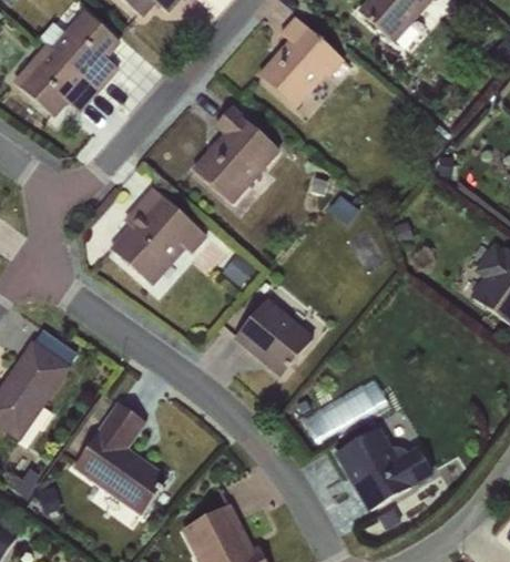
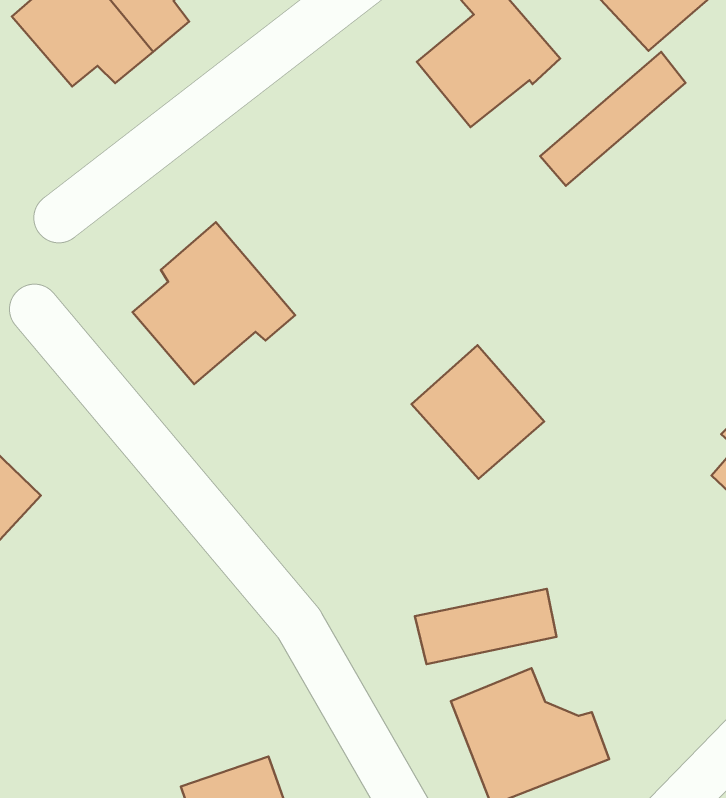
building: none -> [540,52,686,186]
building: [193,106,279,204] -> none
building: [233,296,314,376] -> [411,345,544,479]
building: [72,400,167,514] -> none

